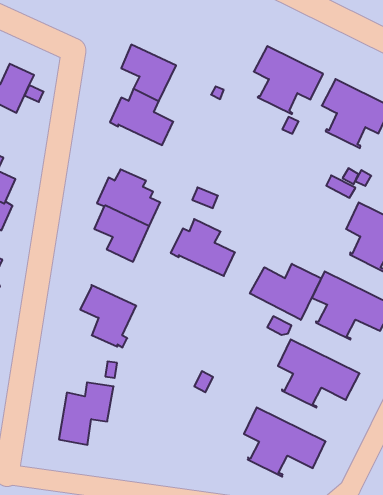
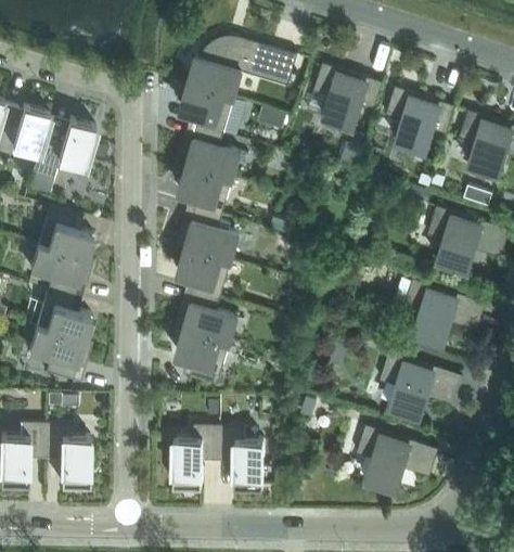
building: none -> [187,37,297,98]
building: none -> [178,165,232,217]
building: [171,219,235,276] -> [174,291,237,343]
building: [250,264,321,320] -> none
building: none -> [218,426,264,489]

